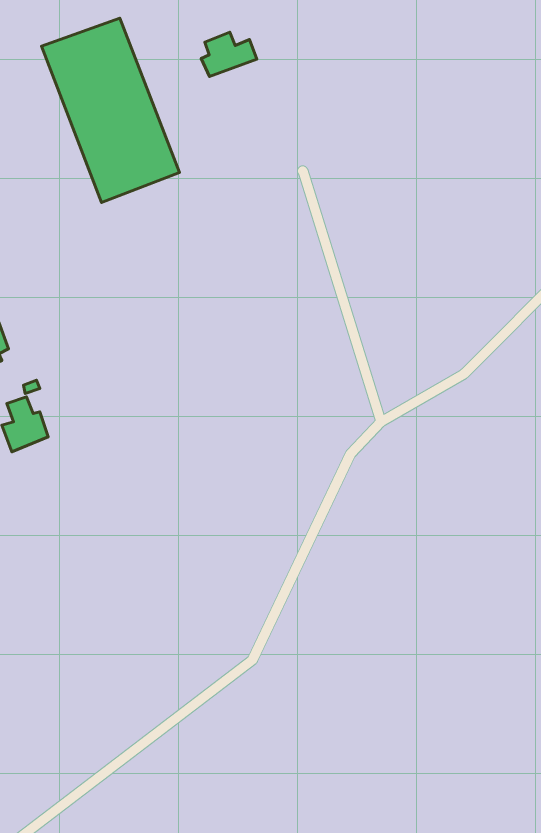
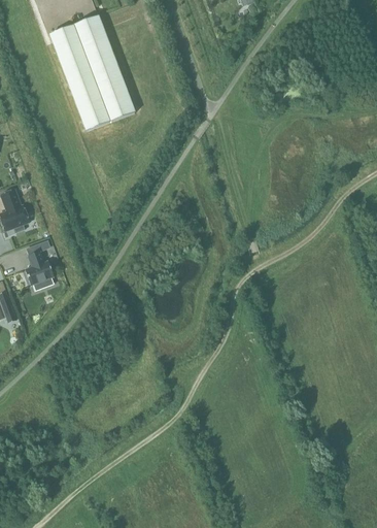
building: [201,32,257,77] -> none

